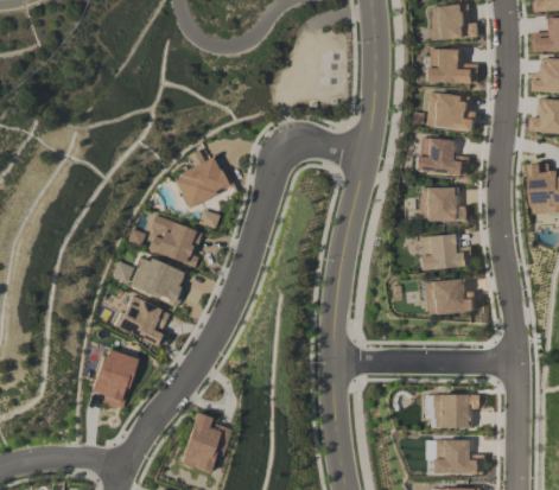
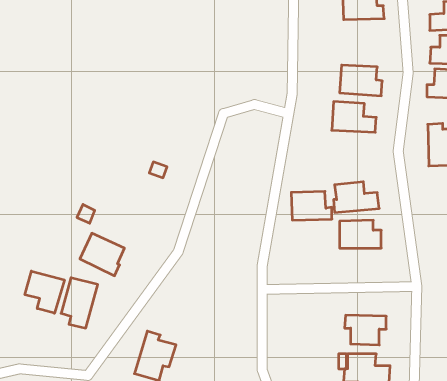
building: [425,49,479,84] -> none
building: [173,160,234,206] -> none
building: [419,187,468,222] -> [291,191,332,220]
building: [147,216,202,268] -> none
building: [131,257,184,305] -> none
building: none -> [25,271,64,313]

